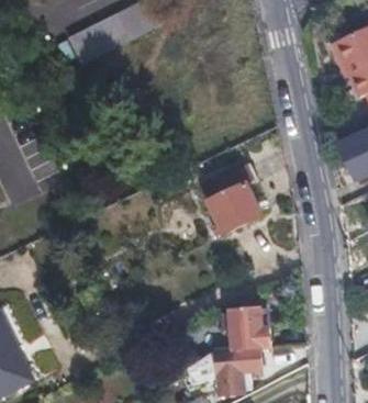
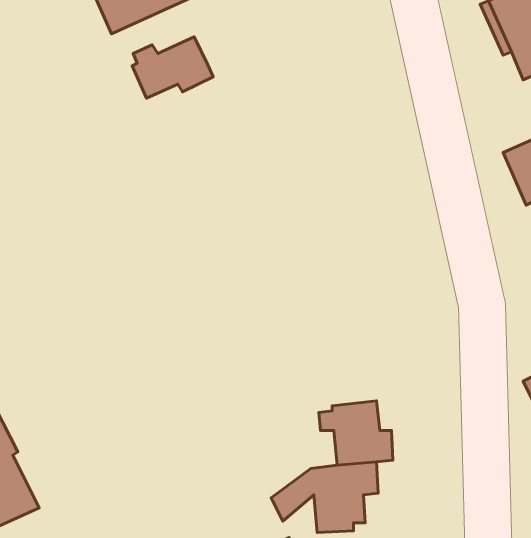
building: none -> [132,37,213,98]
building: [201,164,261,233] -> none

